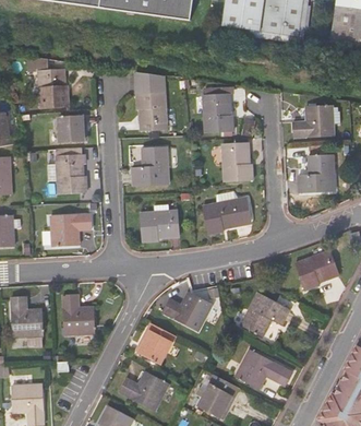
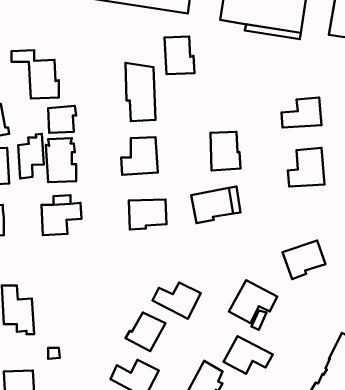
building: [201,93,231,131] -> [164,37,195,74]
building: none -> [18,134,44,178]
building: [60,294,93,335] -> none

